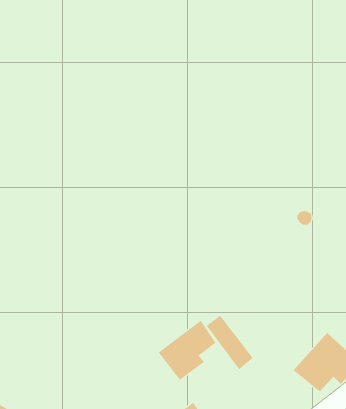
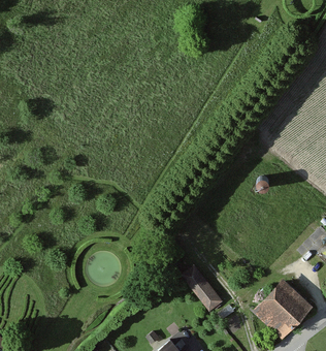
building: [158,320,216,381] -> none

